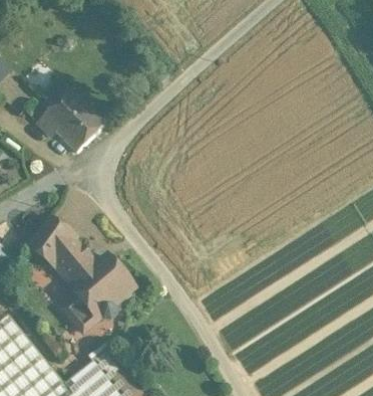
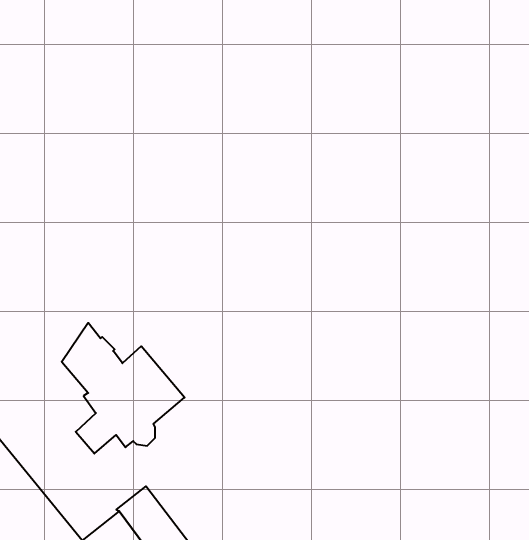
building: [37,80,105,155] -> none
building: [26,222,74,270] -> none

